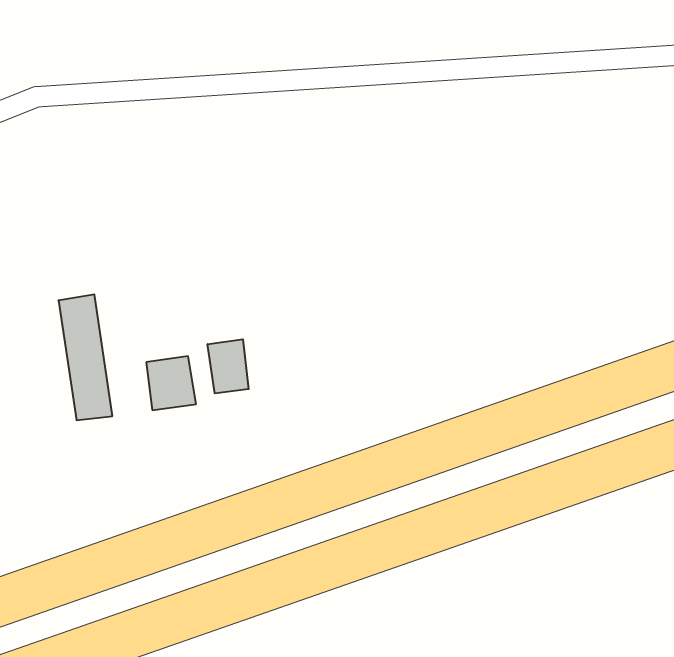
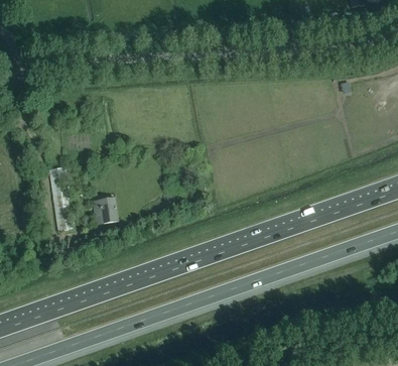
building: [208,339,249,393] -> none

